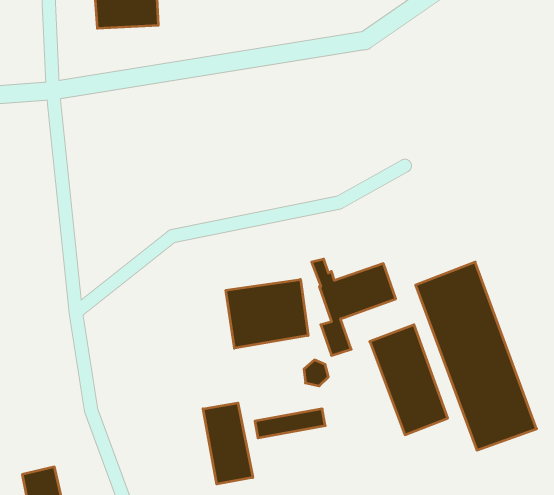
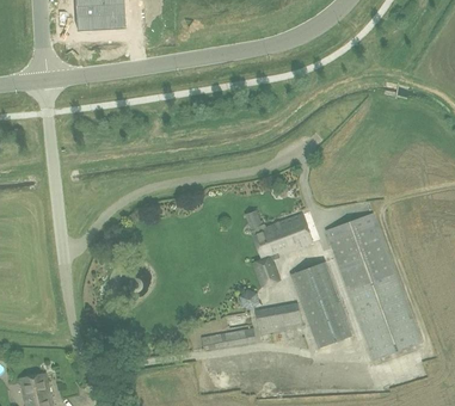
building: [226,279,308,348] -> none
building: none -> [254,301,302,333]
building: [203,403,253,484] -> none

